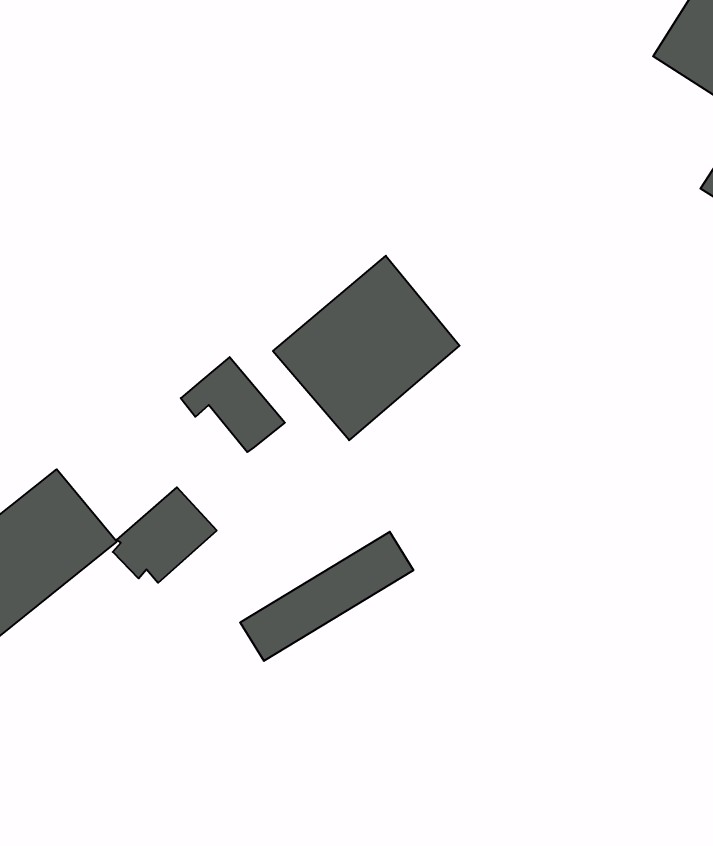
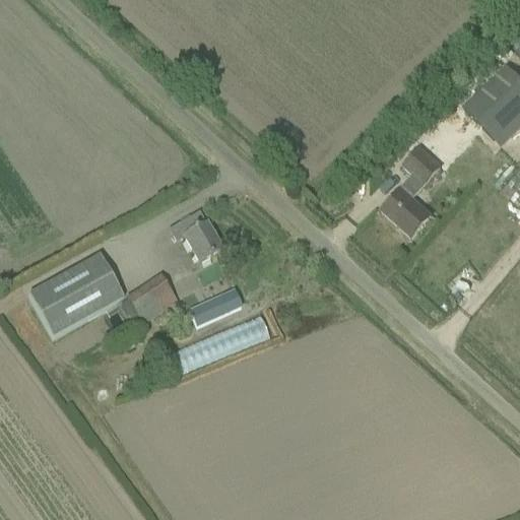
building: none -> [382,145,442,236]
building: [273,256,460,440] -> none
building: none -> [189,288,242,325]

